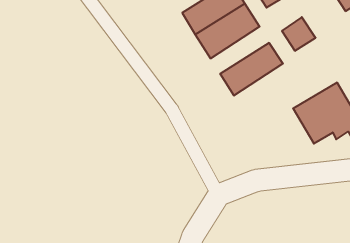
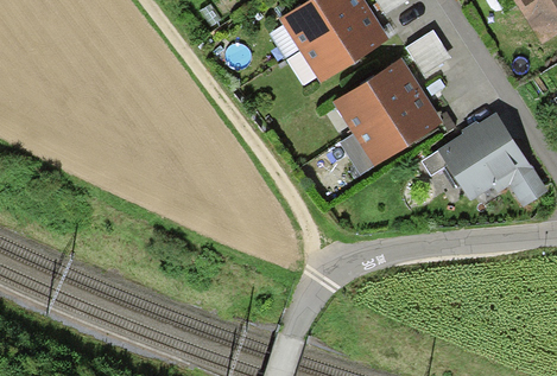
building: none -> [352,89,441,165]

